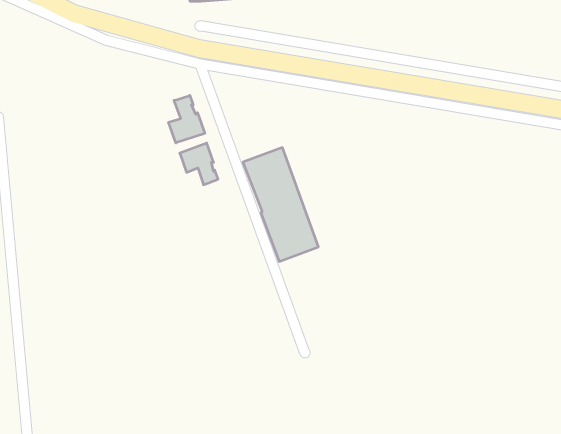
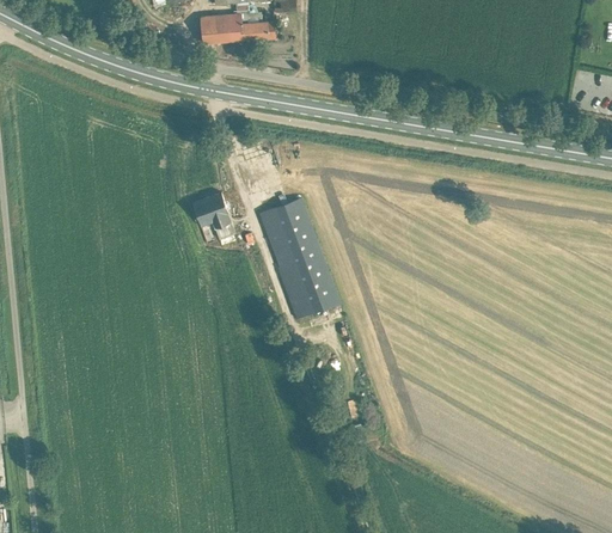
building: [169,95,205,143] -> none

